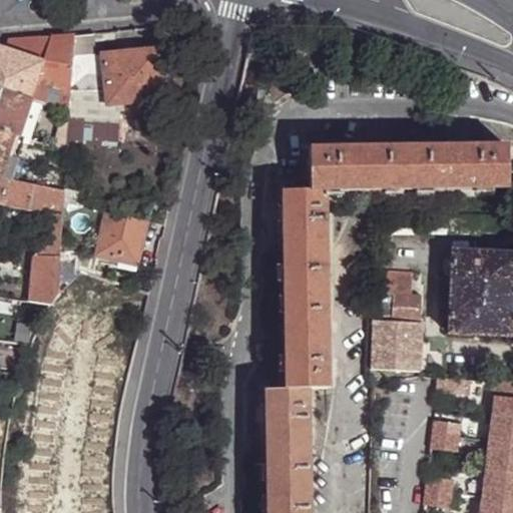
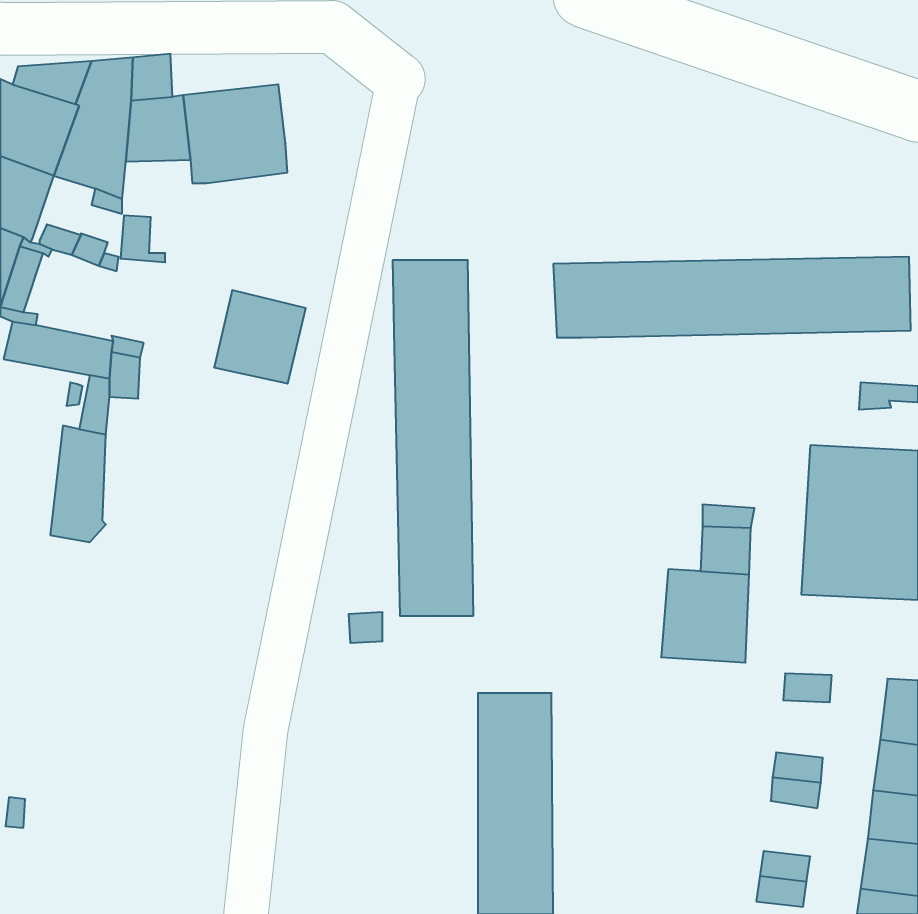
building: [283,188,328,387] -> [393,260,473,616]
building: [95,210,146,263] -> [214,290,306,384]

